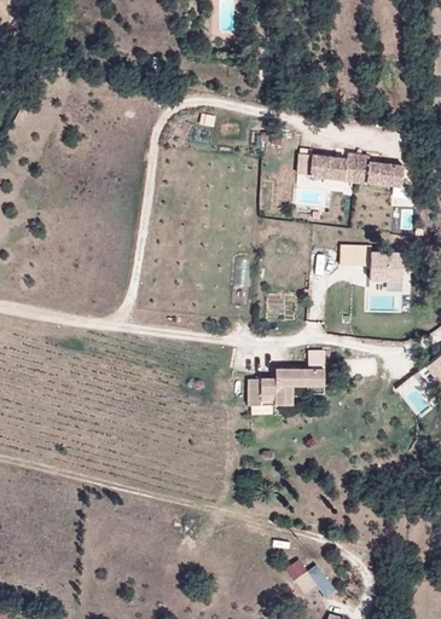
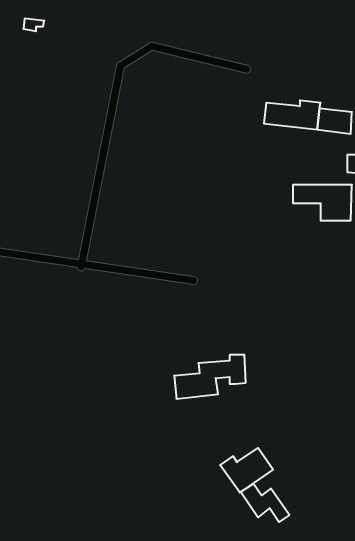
building: [249,360,324,406] -> [174,355,246,399]
building: none -> [220,448,273,493]

